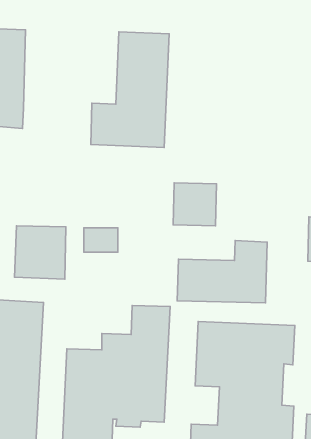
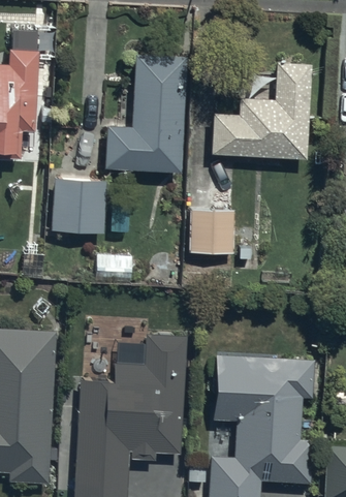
building: none -> [212,62,309,158]
building: [14,226,66,279] -> [52,179,104,234]
building: [177,241,267,303] -> none

